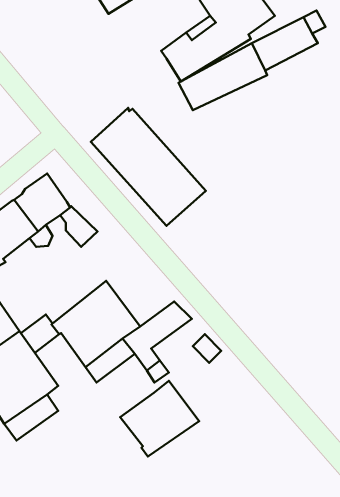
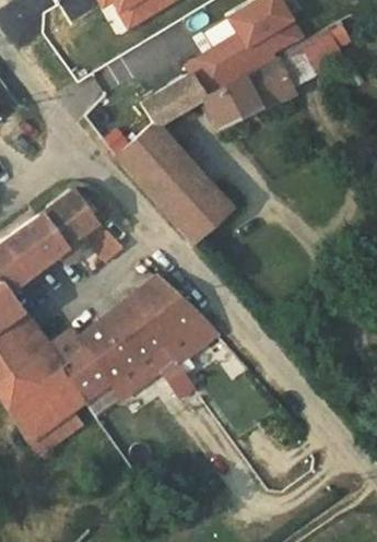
building: none -> [141,74,207,127]
building: none -> [132,278,200,342]
building: none -> [61,349,111,401]
building: [120,381,199,457] -> none

